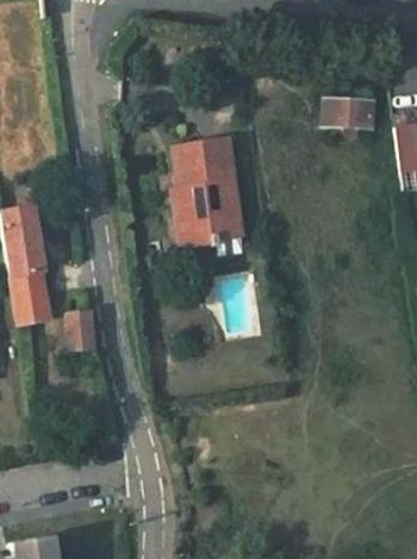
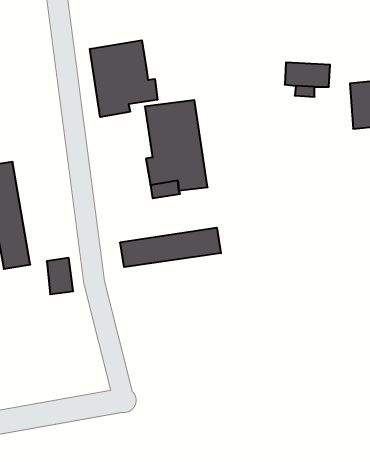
building: none -> [90,40,158,117]
building: none -> [120,228,221,267]

